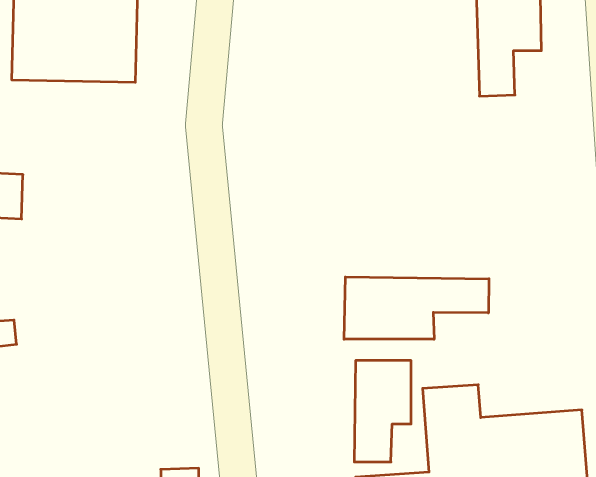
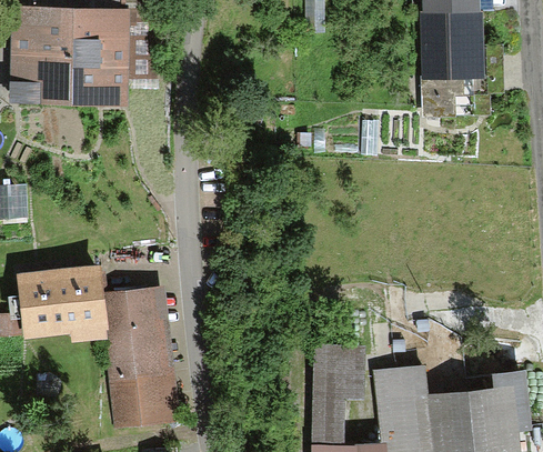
building: none -> [19,269,102,334]
building: [344,277,489,339] -> none
building: none -> [107,288,172,424]

